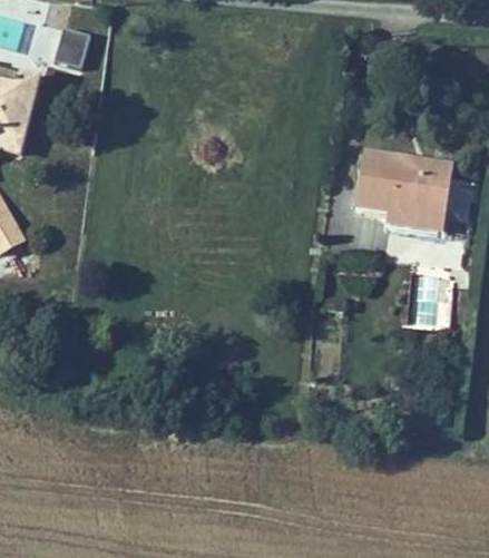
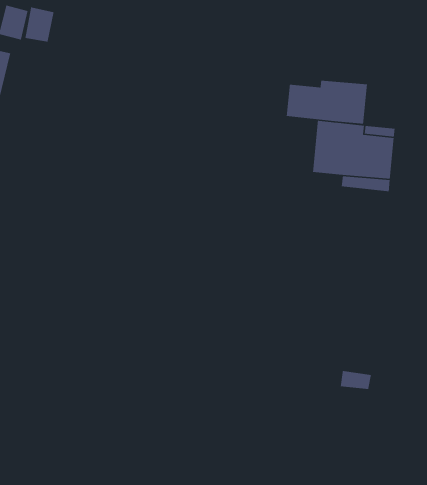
building: none -> [286,80,368,125]
building: [405,275,440,329] -> none

